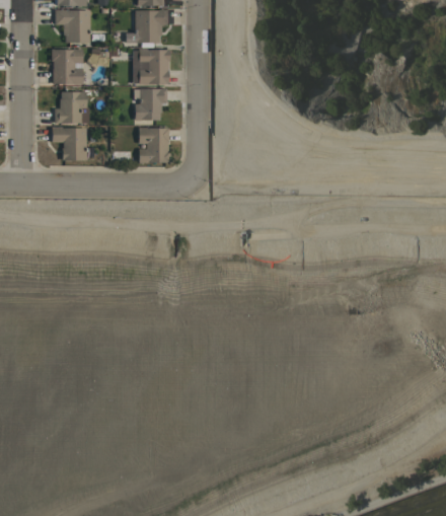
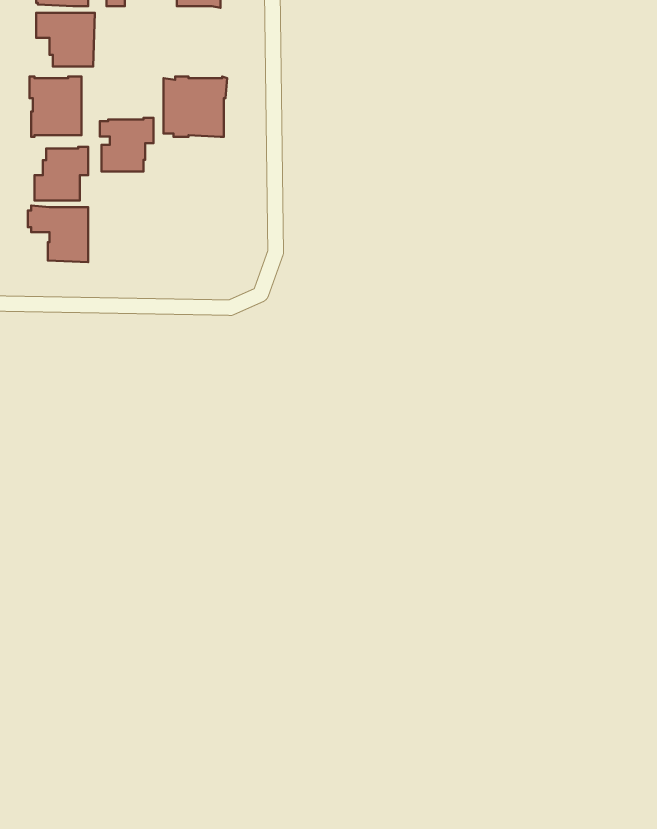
building: [135,10,170,48] -> none
building: [134,88,166,121] -> [100,118,153,172]
building: [138,128,170,163] -> none

